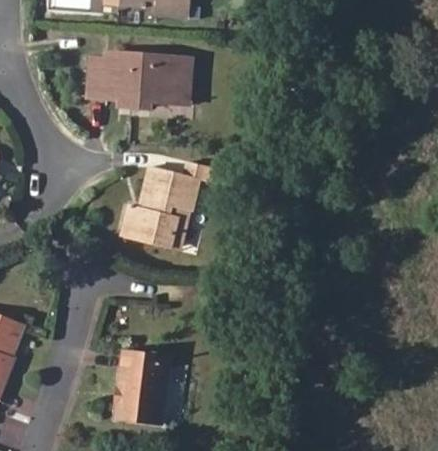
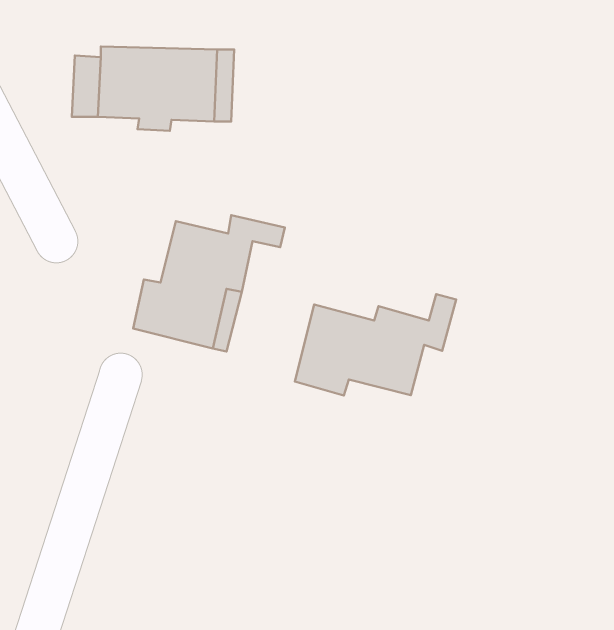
building: none -> [295,294,456,395]
building: [115,349,170,423] -> none

